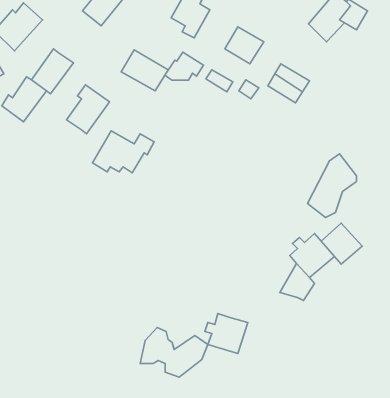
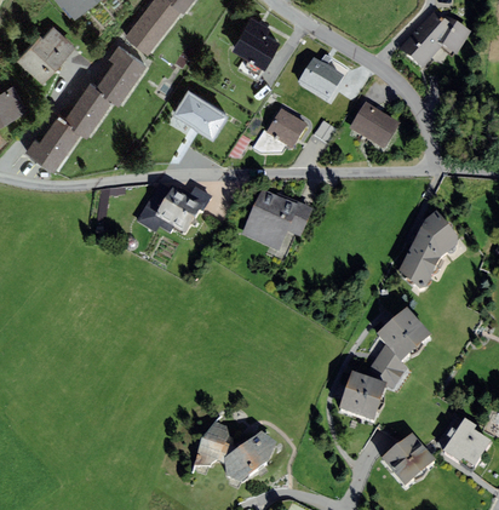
building: [165,52,204,80] -> [253,118,300,151]
building: [67,85,109,134] -> [96,44,148,103]
building: none -> [242,184,314,248]
building: [321,223,362,264] -> none
building: [205,313,248,353] -> [334,372,386,420]
building: none -> [436,416,492,475]
building: none -> [382,439,436,493]

